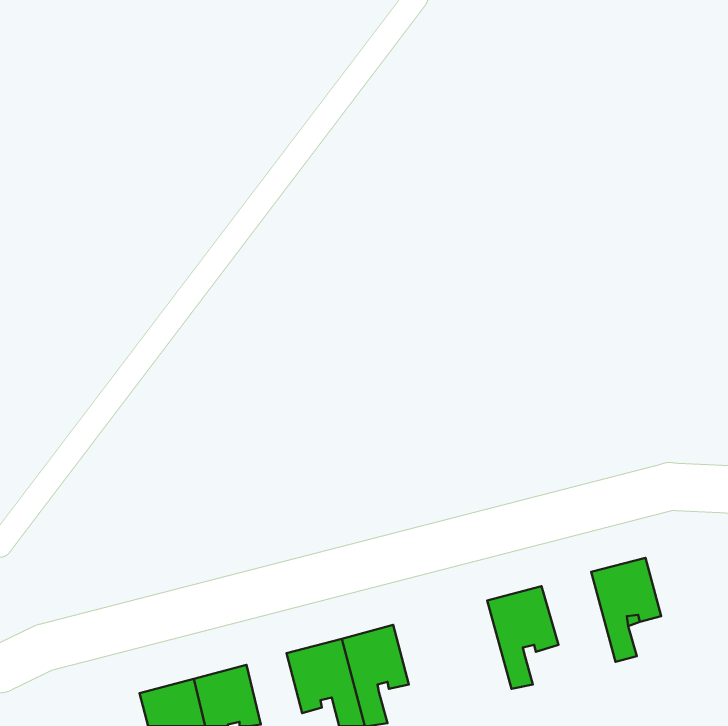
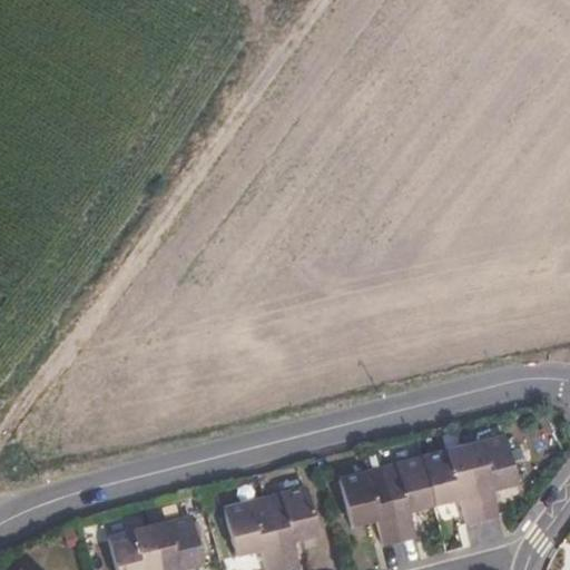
building: none -> [423,446,481,521]
building: none -> [340,469,400,541]

